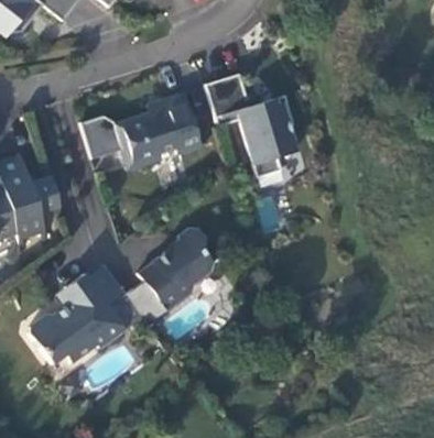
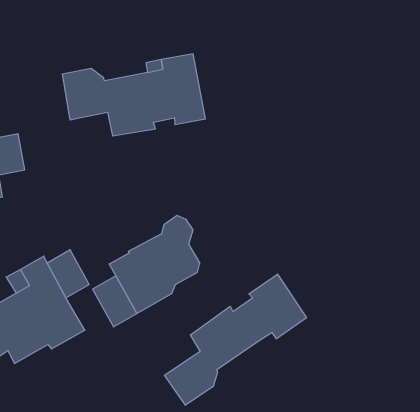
building: [205,74,297,177] -> none
building: none -> [165,274,306,405]

